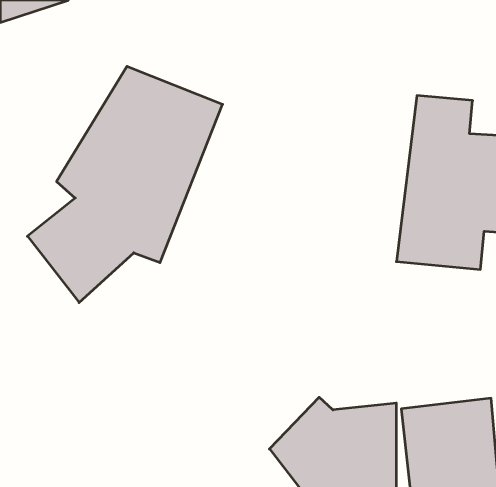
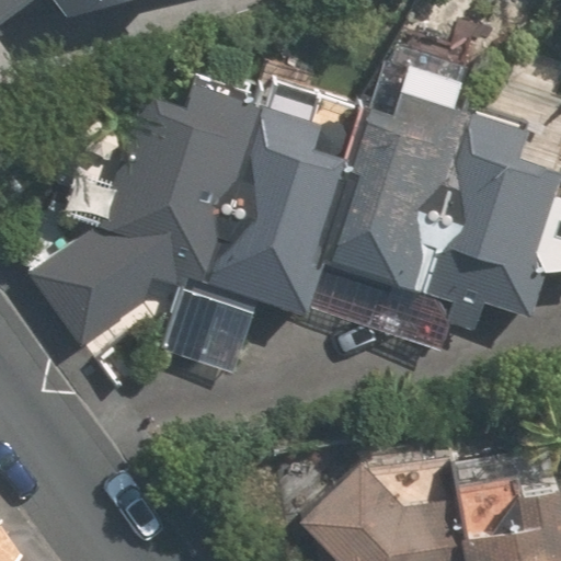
building: none -> [327,99,465,291]
building: none -> [207,110,350,310]

